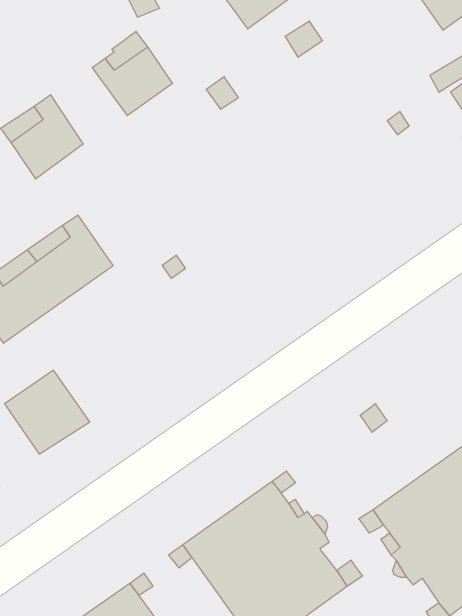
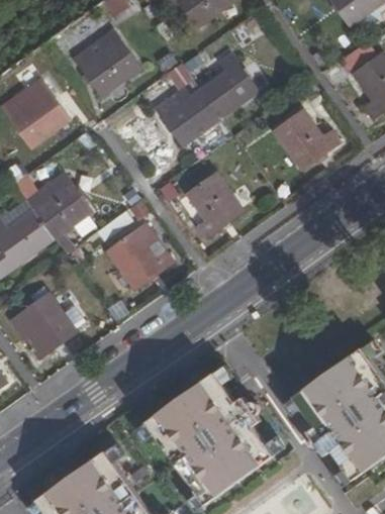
building: none -> [156,53,259,145]
building: none -> [274,113,339,172]
building: none -> [183,172,243,238]
building: none -> [109,221,174,288]

